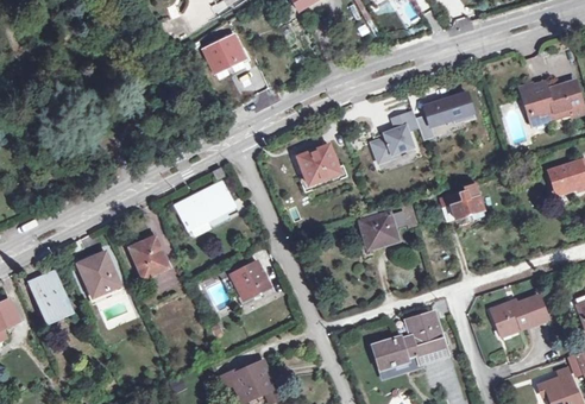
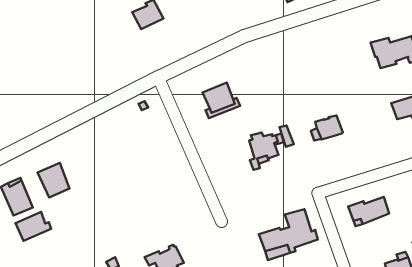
building: [423,93,470,126] -> none
building: [367,108,416,163] -> none
building: [175,181,239,238] -> none
building: [128,235,168,278] -> none
building: [231,259,270,298] -> none
building: none -> [15,212,51,241]

